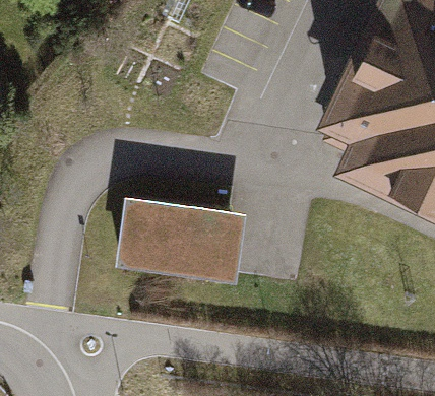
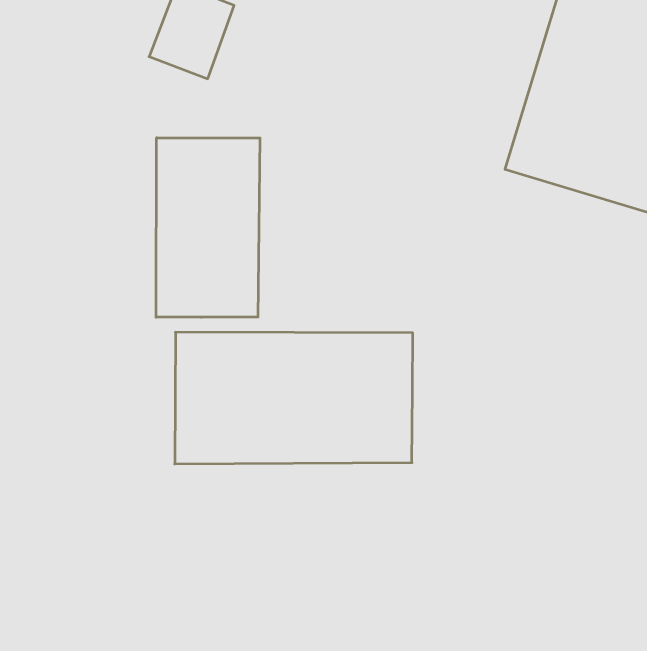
building: none -> [156,138,260,317]

